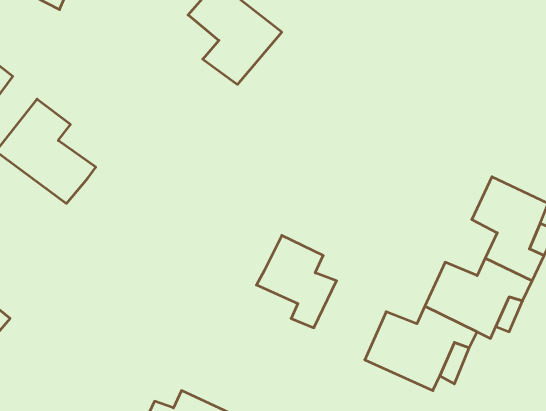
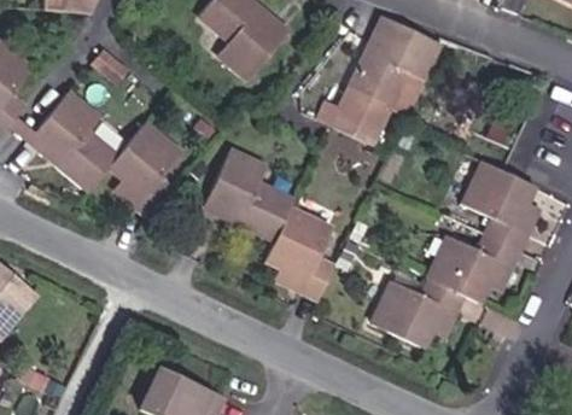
building: none -> [305,21,433,146]
building: none -> [106,121,175,214]
building: none -> [193,156,286,246]

